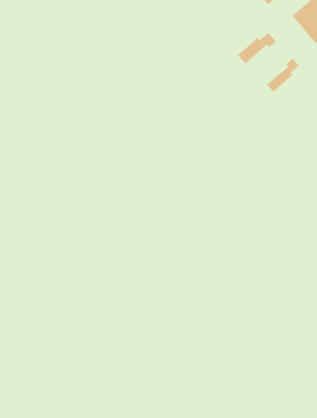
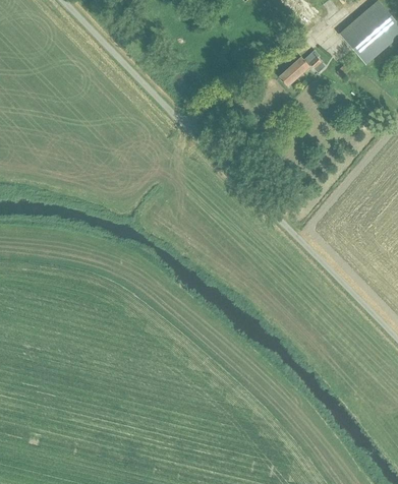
building: [266,58,300,92] -> none

